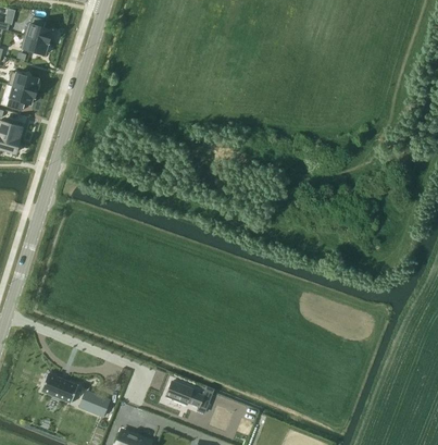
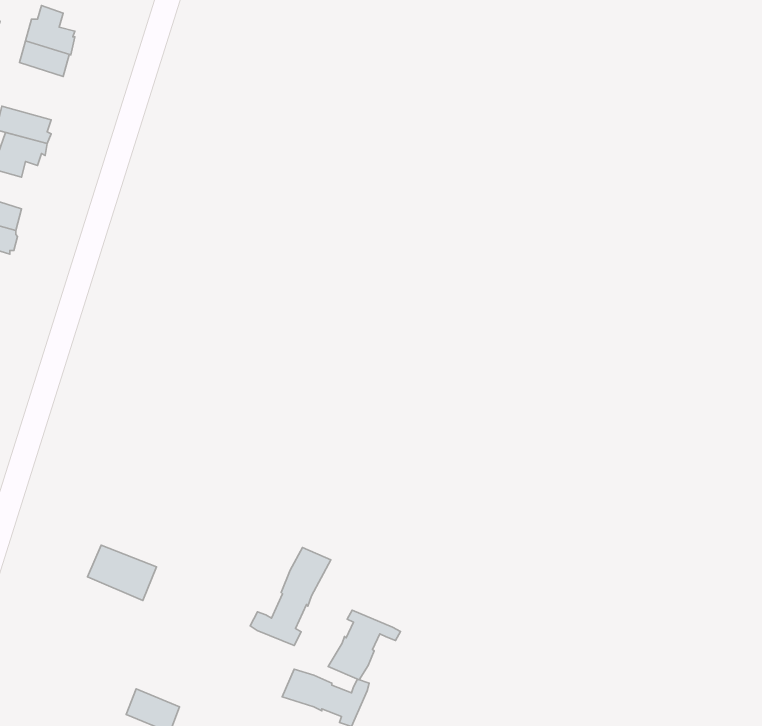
building: none -> [250,548,331,646]
building: none -> [328,610,400,680]
building: [40,372,78,403] -> [87,545,157,601]

